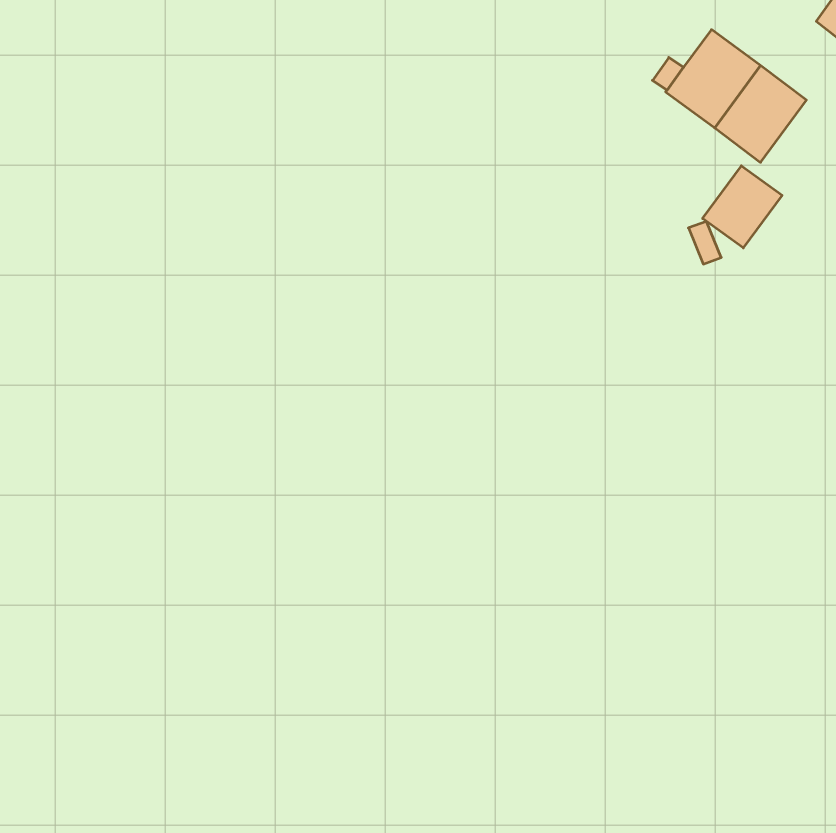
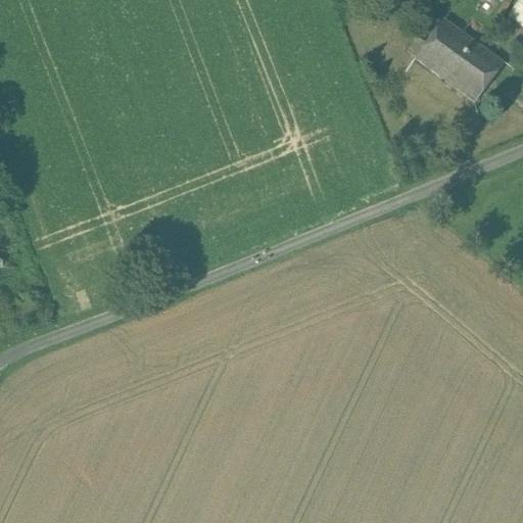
building: [703,166,782,248] -> none

